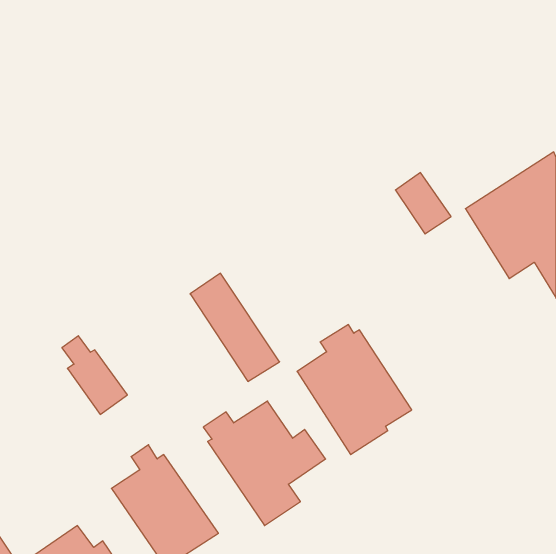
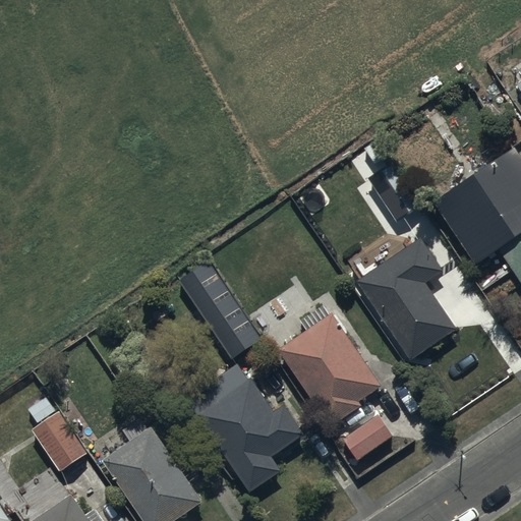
building: none -> [355,237,458,359]
building: [62,336,127,414] -> [30,399,91,472]
building: none -> [338,412,395,464]

